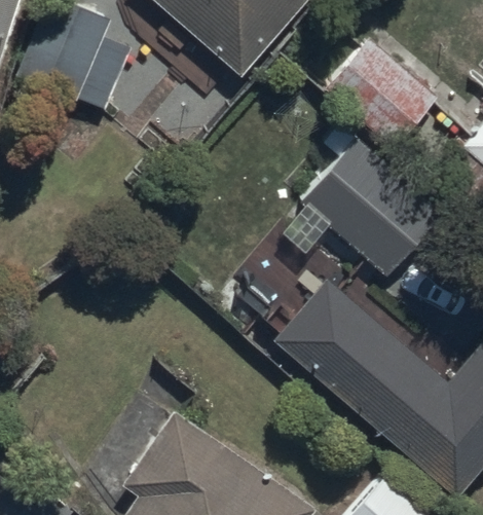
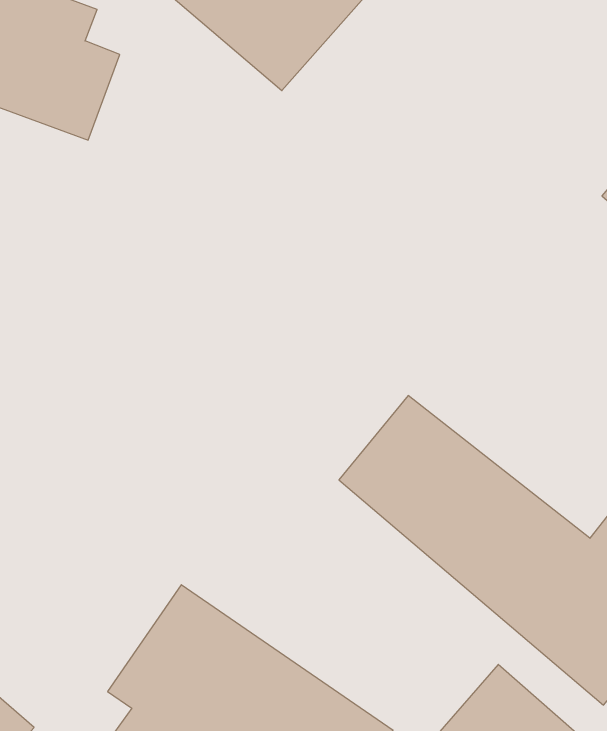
building: [322,38,438,152] -> none
building: [300,140,442,278] -> none

